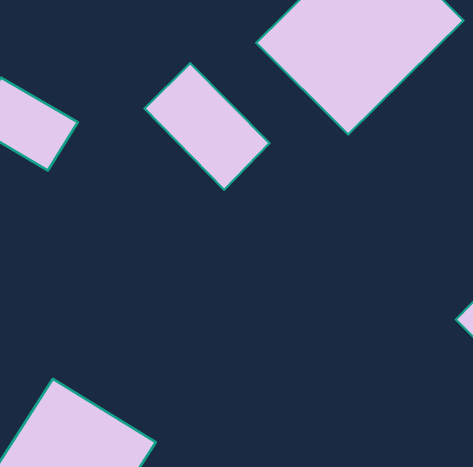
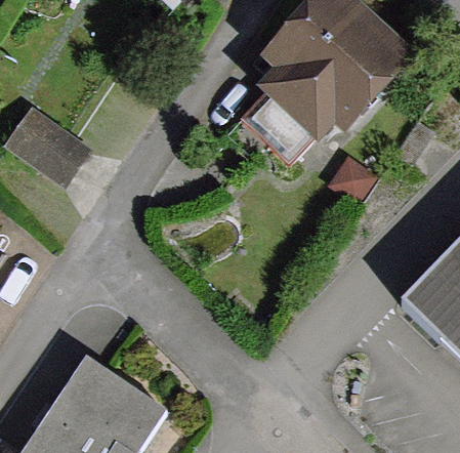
building: [144,63,269,190] -> none

